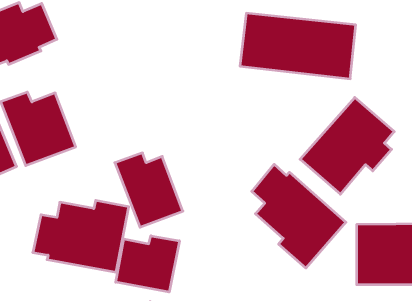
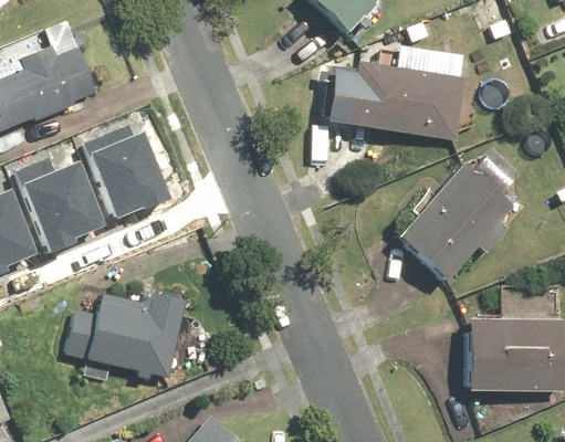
building: [115,153,183,227] -> [96,123,180,214]
building: [252,164,346,268] -> none
building: [116,236,179,292] -> none

